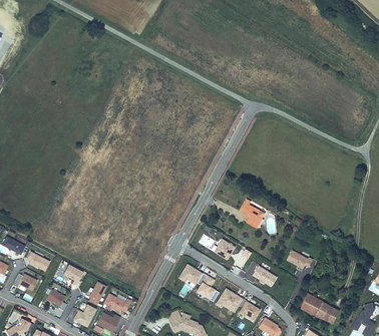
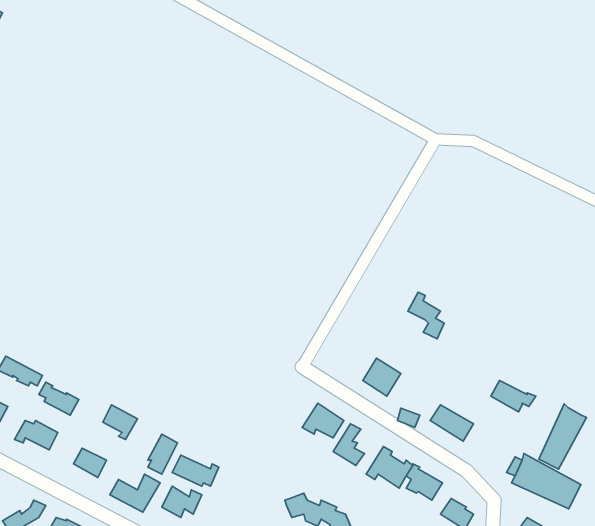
building: none -> [539,404,586,469]

